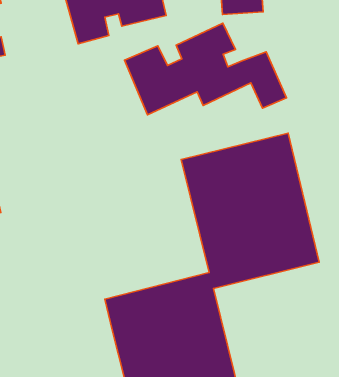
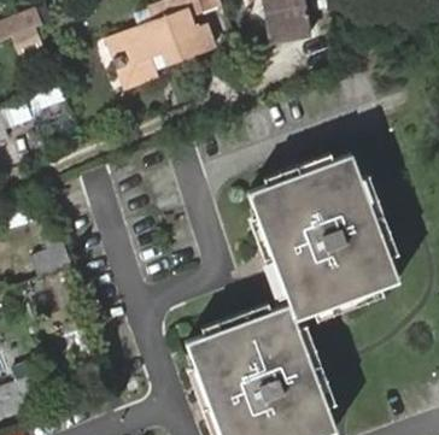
building: [124,23,286,115] -> none

